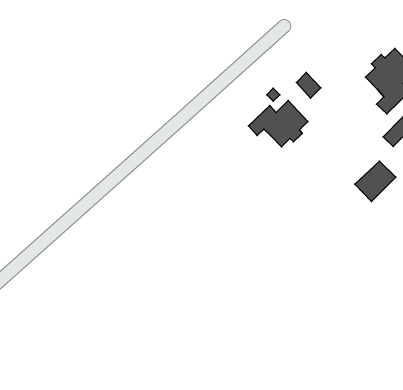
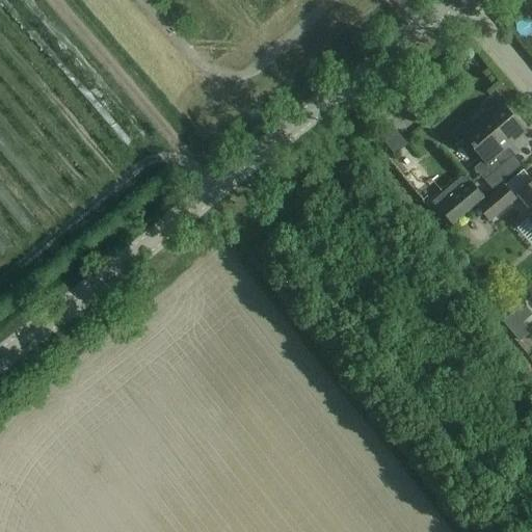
building: [248,100,308,147] -> none
building: [355,161,396,201] -> [435,178,485,225]

